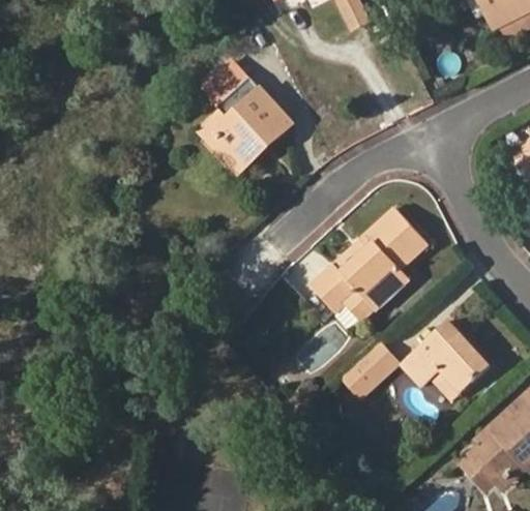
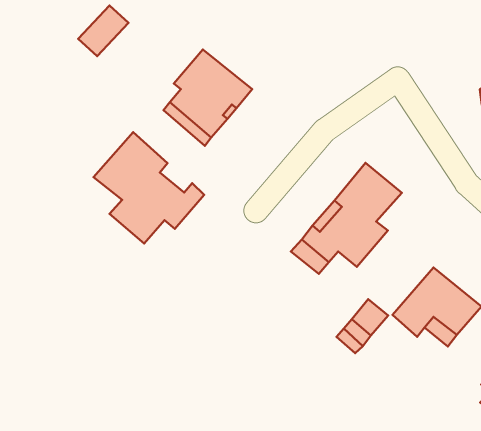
building: [200,54,252,102] -> [78,5,128,56]
building: none -> [94,132,204,243]

